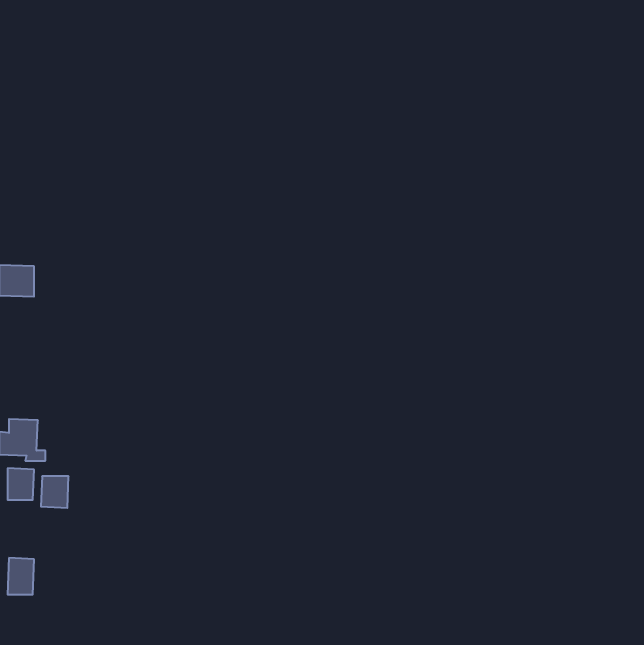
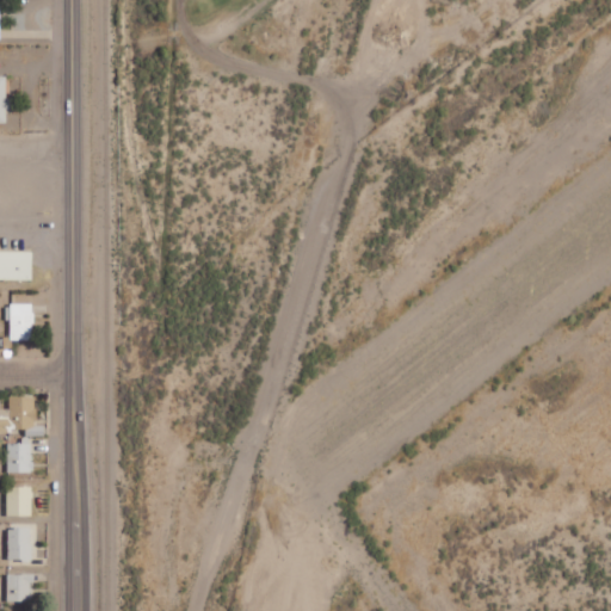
building: none -> [5,304,33,340]
building: [41,476,69,508] -> [6,487,32,517]
building: none -> [6,574,32,601]

